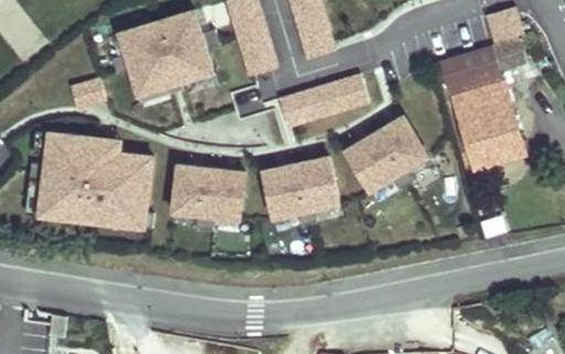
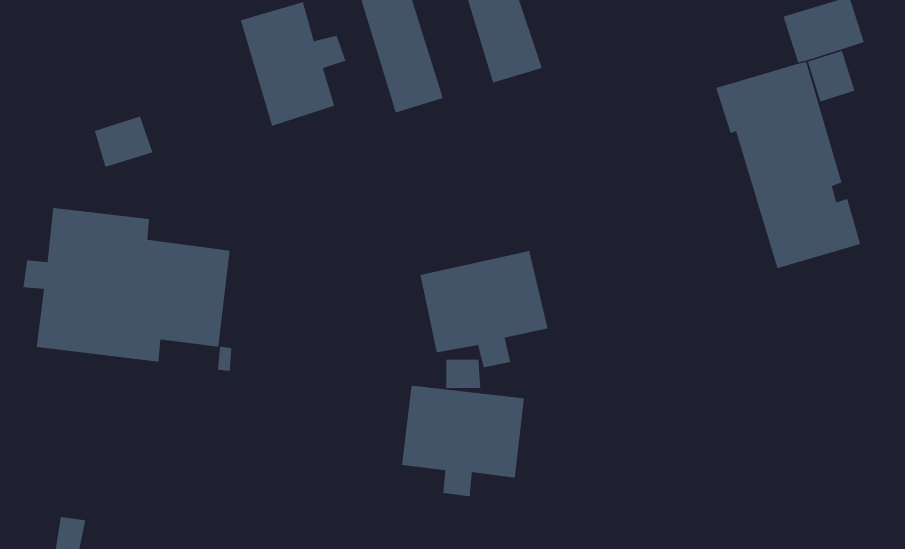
building: [111,21,175,95] -> none
building: [279,74,367,127] -> none
building: [344,116,427,191] -> none
building: [172,164,245,230] -> [401,385,525,497]

